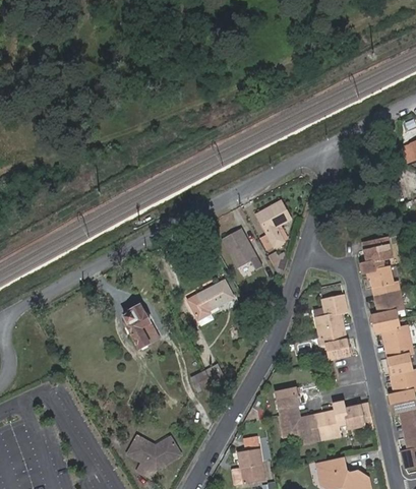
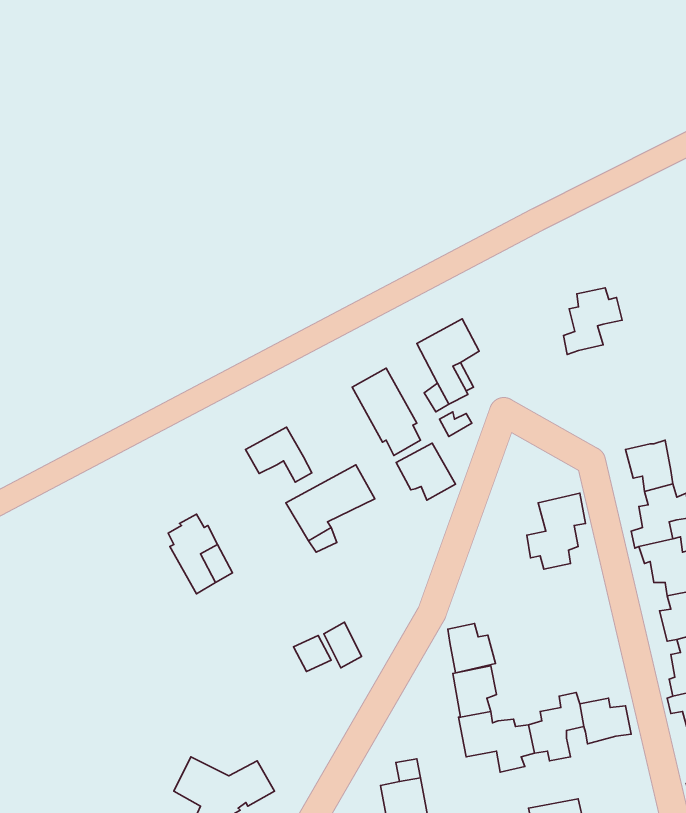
building: [360,237,392,272] -> [563,288,622,354]
building: none -> [246,427,312,482]
building: none -> [396,443,456,500]
building: [324,331,350,358] -> [448,624,495,673]

